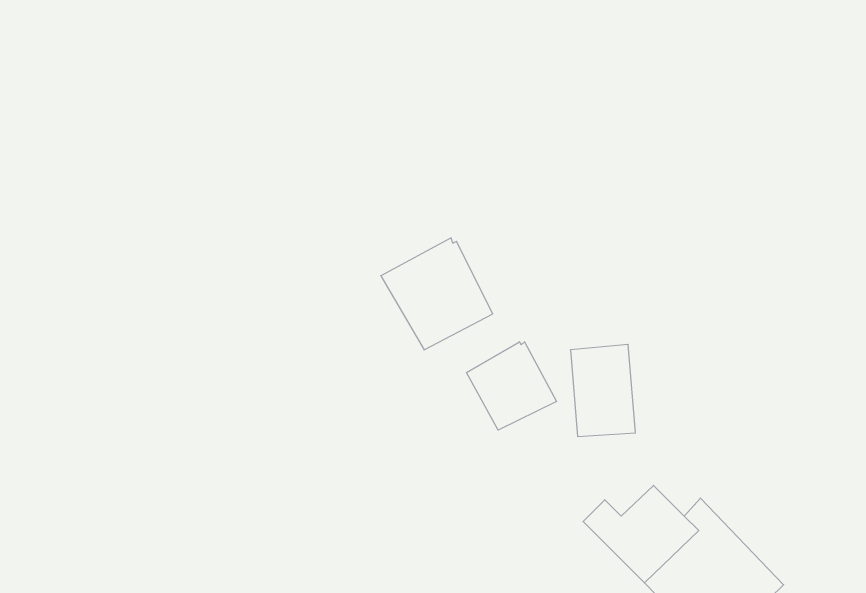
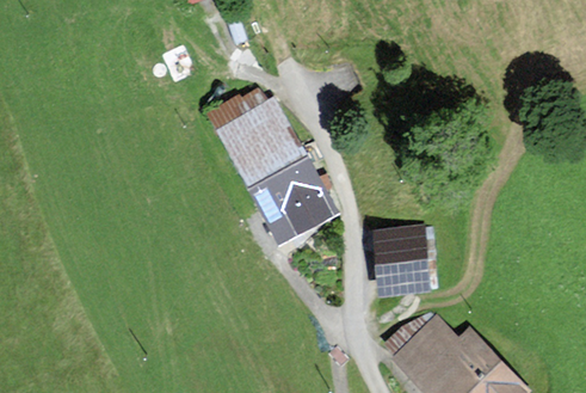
building: none -> [214,88,301,183]
building: [466,342,557,430] -> none

